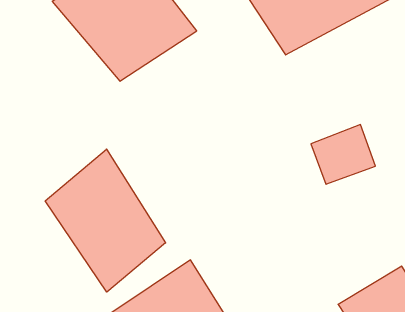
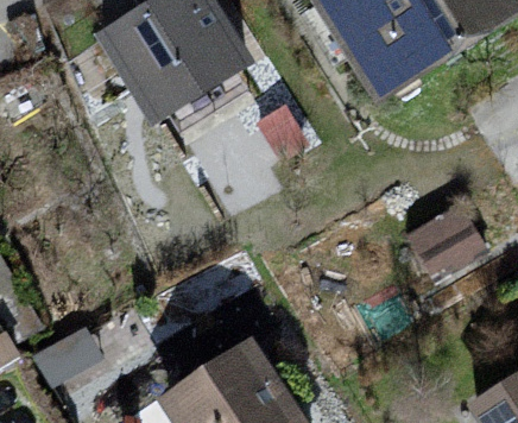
building: [45,149,166,292] -> none

